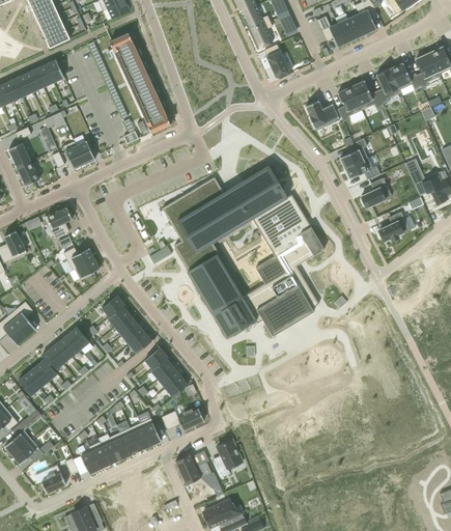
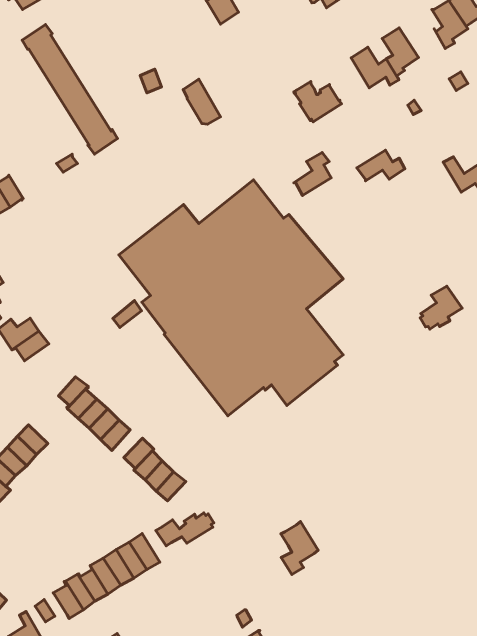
building: [264,44,289,78] -> [183,79,220,124]
building: [389,62,421,92] -> none
building: [337,86,361,121] -> none
building: [339,138,367,168] -> [294,152,331,196]
building: [361,177,391,207] -> none
building: [377,212,410,242] -> [420,286,462,329]
building: [214,439,242,477] -> [281,522,318,574]
building: [175,454,212,484] -> none

